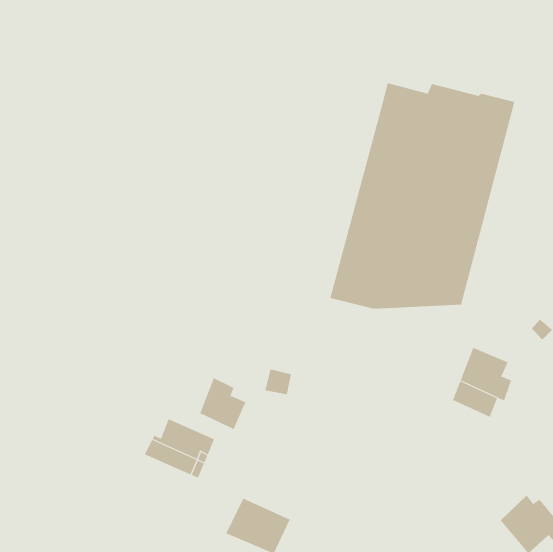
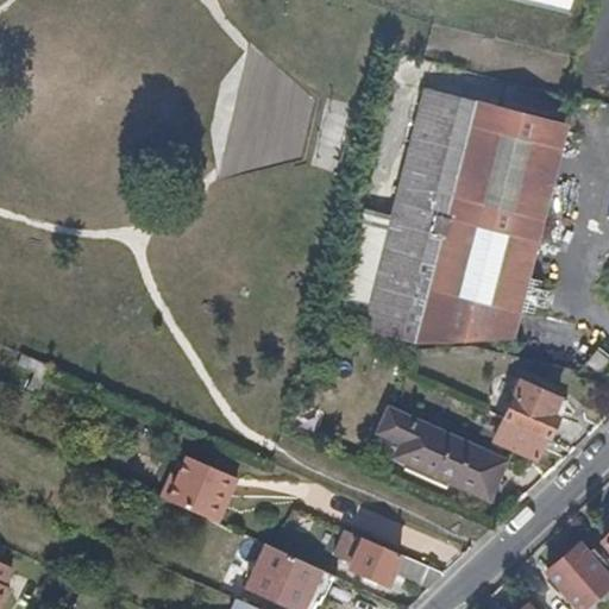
building: none -> [381,409,504,497]
building: [199,377,246,430] -> none
building: none -> [334,528,446,589]

